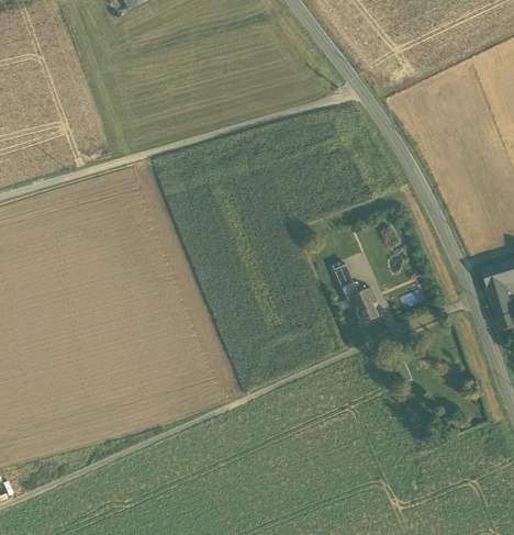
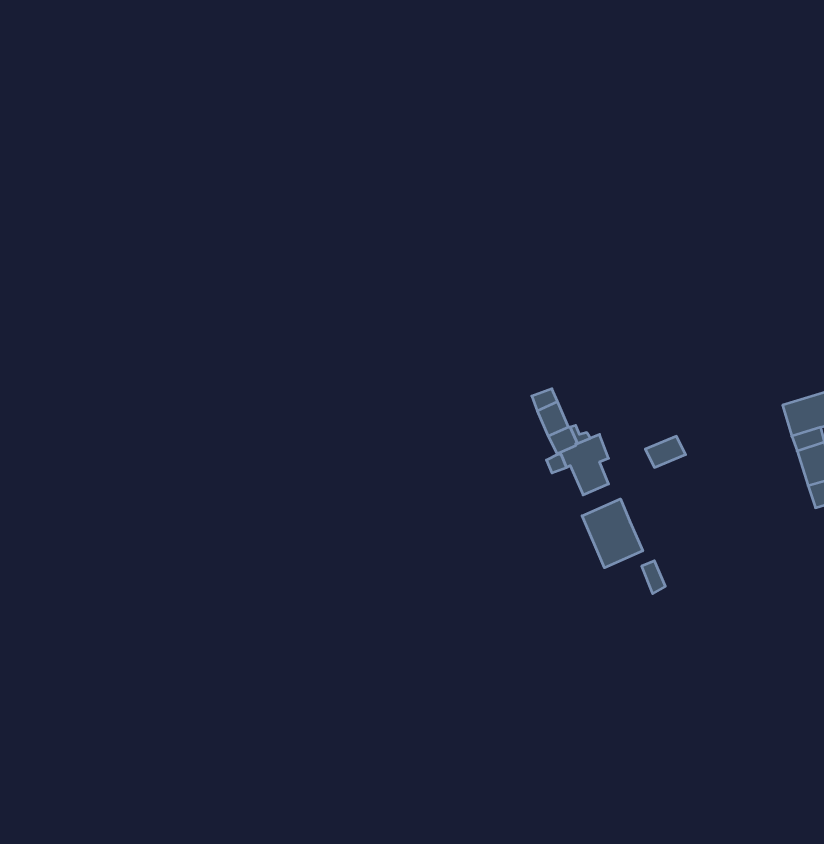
building: none -> [582,499,643,568]

